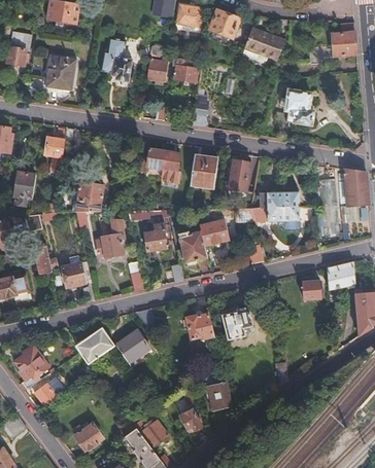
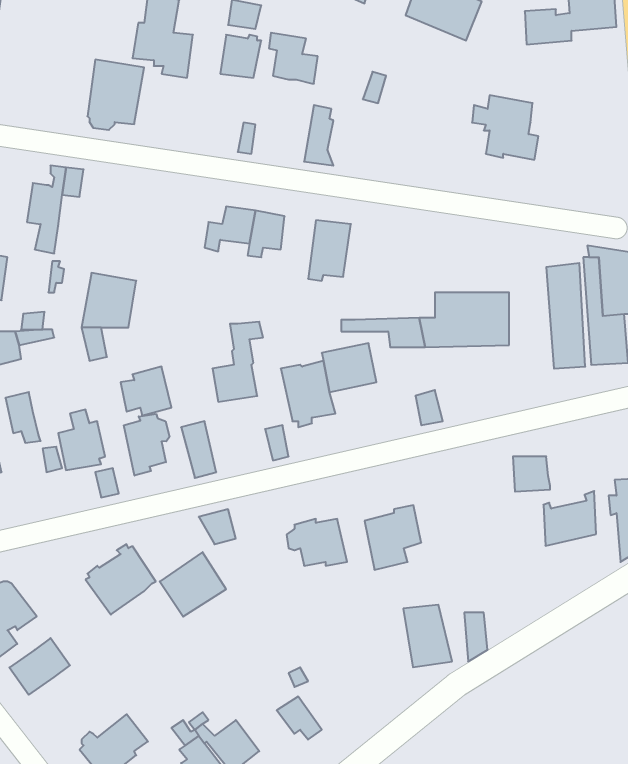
building: [45,55,75,92] -> [87,60,144,130]
building: [229,160,250,192] -> none
building: none -> [124,414,170,476]
building: [327,260,354,289] -> [543,491,596,546]
building: [206,374,232,407] -> [403,605,452,667]

